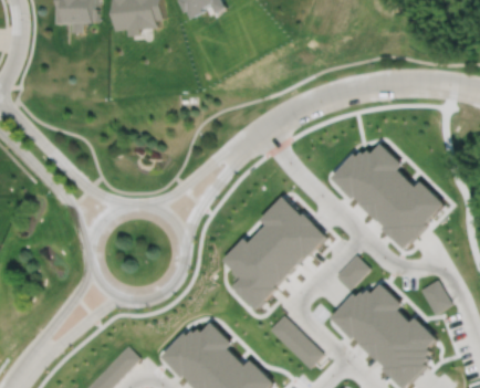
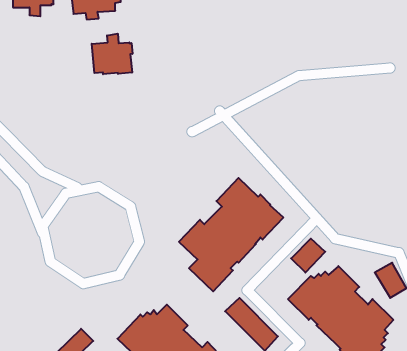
building: none -> [92,34,132,74]
building: [332,141,446,247] -> none

